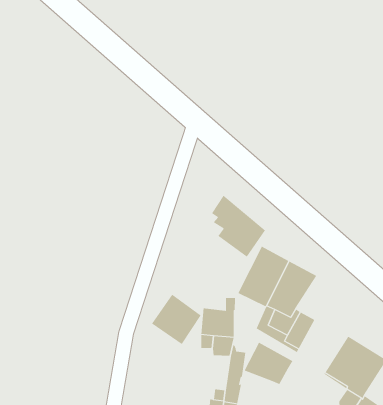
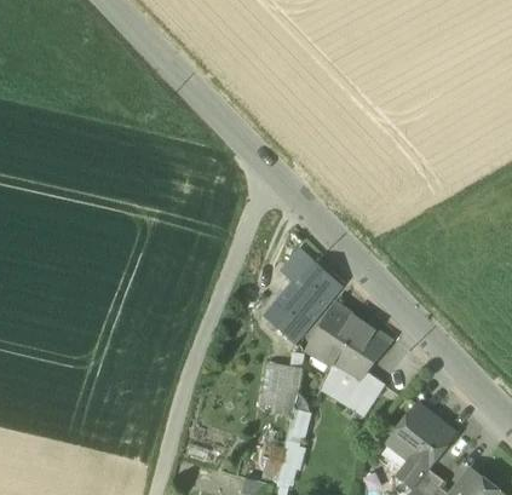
building: [151,294,202,345] -> [265,288,318,343]
building: [244,342,293,385] -> none

